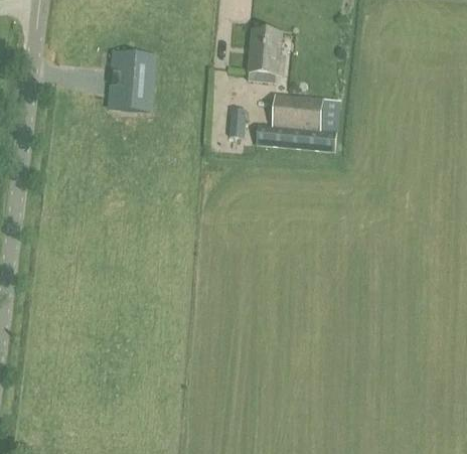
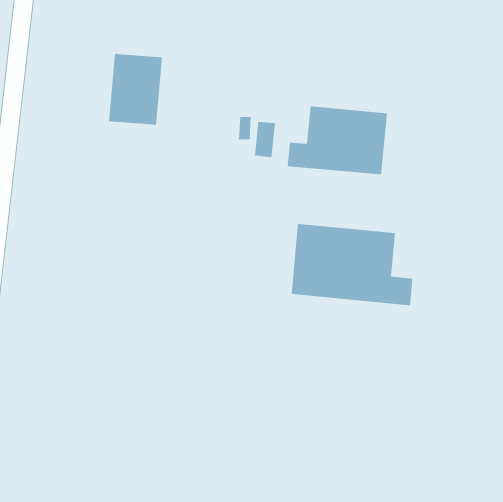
building: [249,29,284,82] -> none
building: none -> [291,223,413,306]

